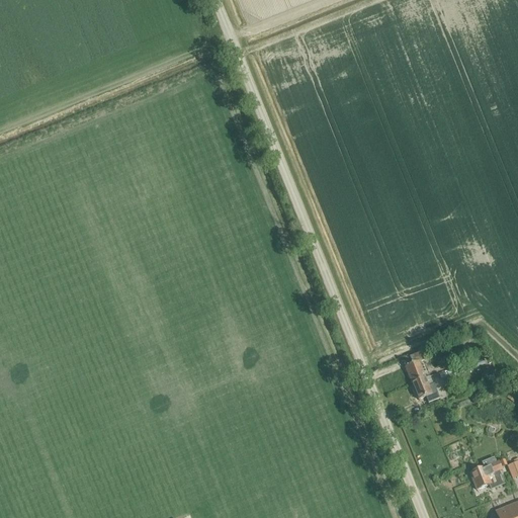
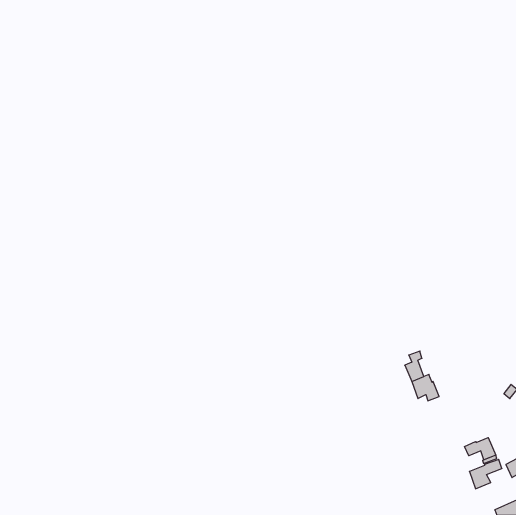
building: none -> [465,438,496,460]

